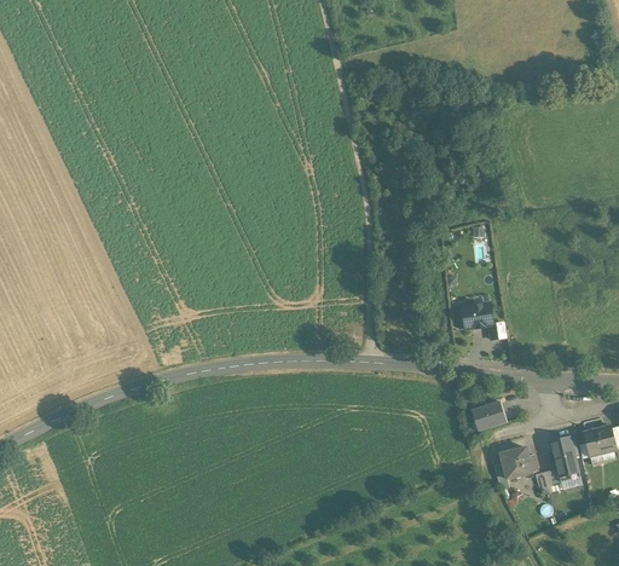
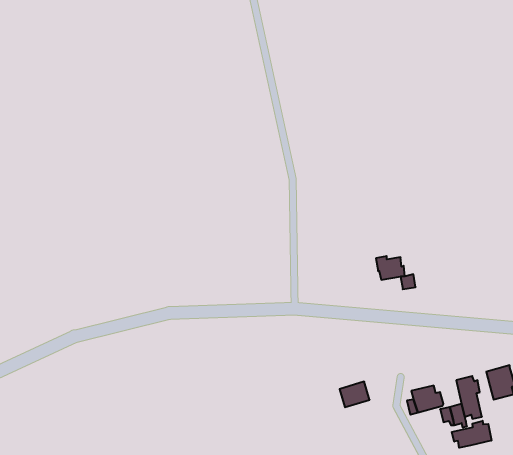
building: [472,400,505,429] -> [340,382,370,407]
building: none -> [452,421,491,448]

